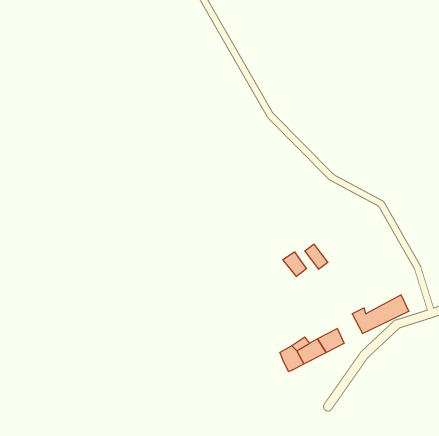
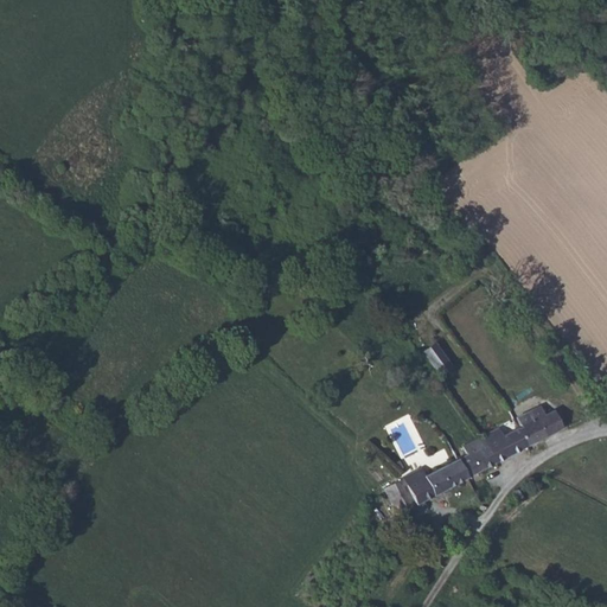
building: [283,252,306,277] -> none
building: none -> [466,433,500,473]

